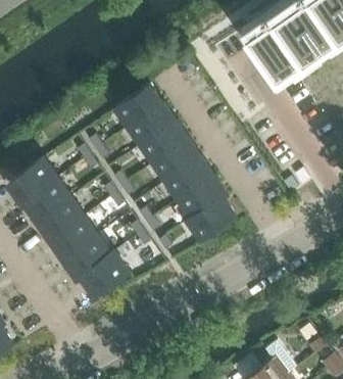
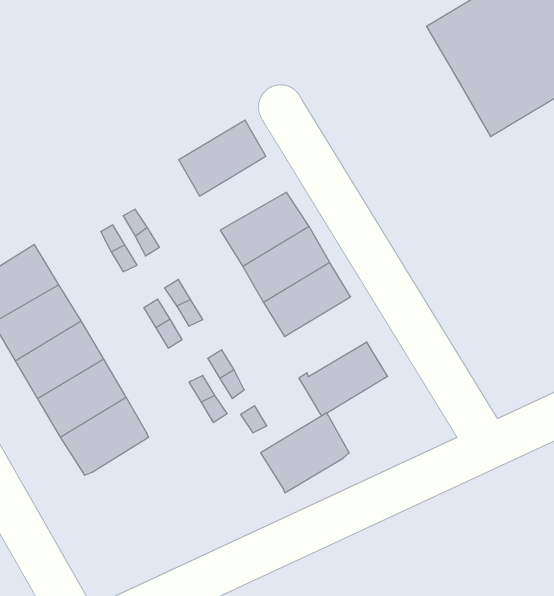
building: [131,107,177,148] -> none
building: [181,179,228,223] -> [261,413,349,493]
building: [84,255,130,299] -> none

